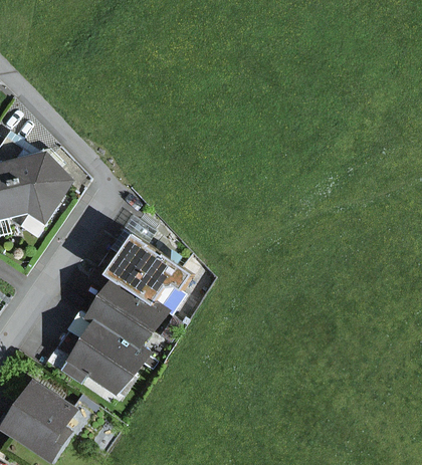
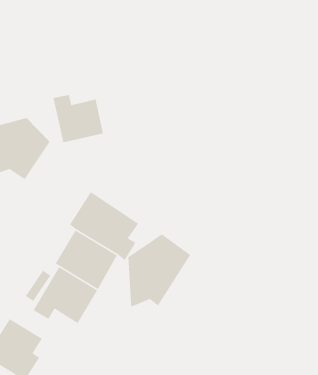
building: none -> [53,94,104,143]
building: none -> [127,234,191,308]

